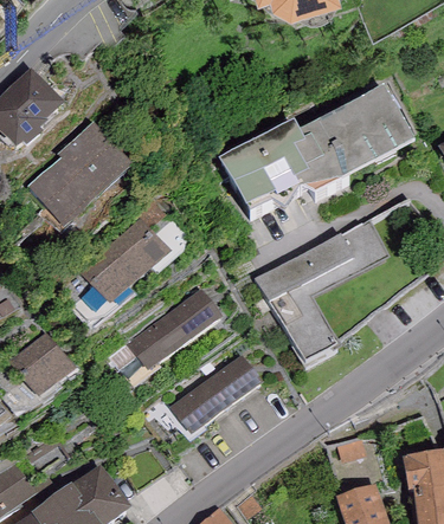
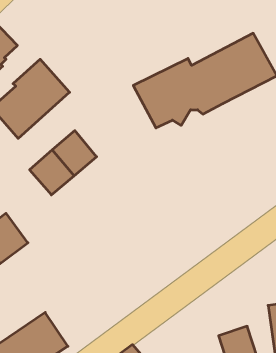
building: [253,219,390,365] -> none
building: [127,287,223,371] -> none
building: [170,355,264,435] -> none

